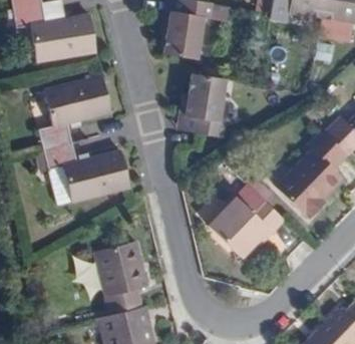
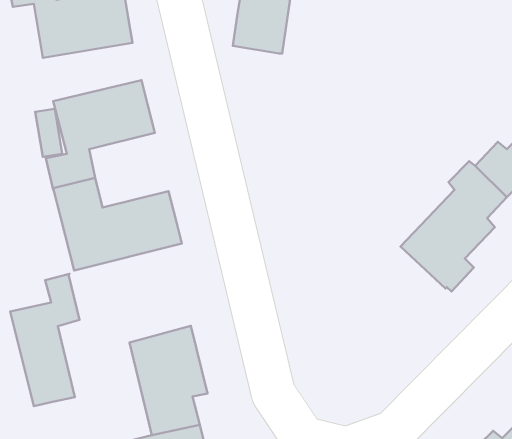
building: [184,73,226,136] -> none
building: [210,197,285,257] -> none
building: none -> [10,274,79,406]

